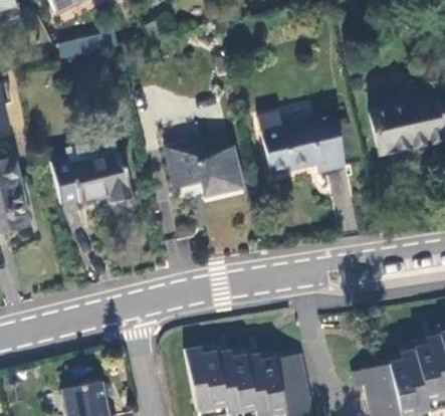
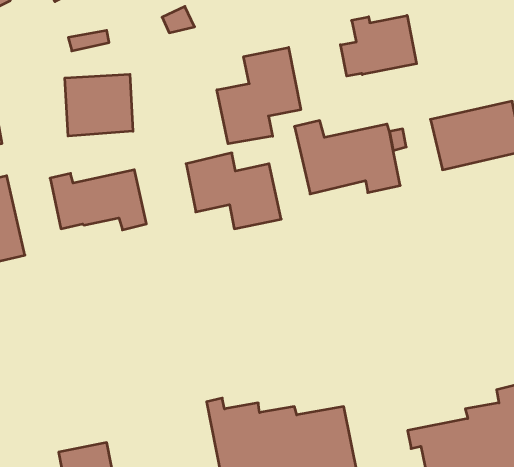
building: none -> [340,15,417,76]
building: none -> [217,47,301,144]
building: none -> [65,74,133,136]

